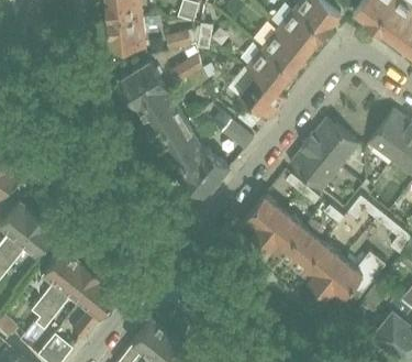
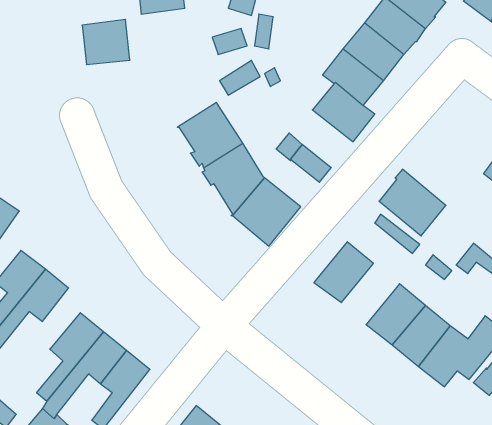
building: [110,19,146,53] -> [82,19,130,64]
building: [121,64,167,109] -> none
building: [308,119,359,168] -> none
building: [261,212,305,259] -> none

